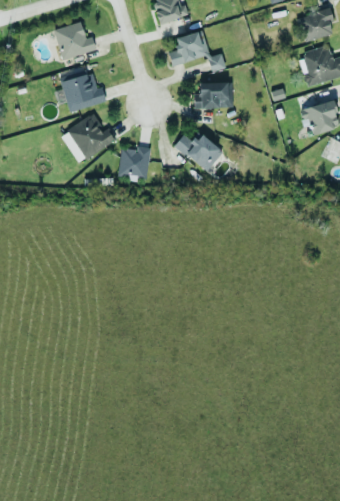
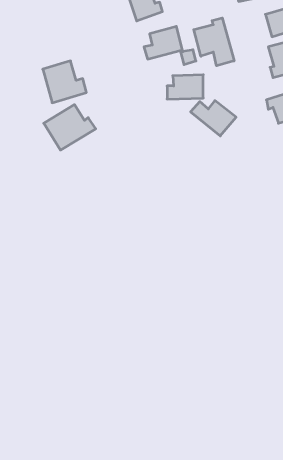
building: none -> [194,18,234,66]
building: [55,23,95,59] -> none
building: [174,134,223,172] -> [191,101,236,136]
building: [118,147,150,179] -> none

